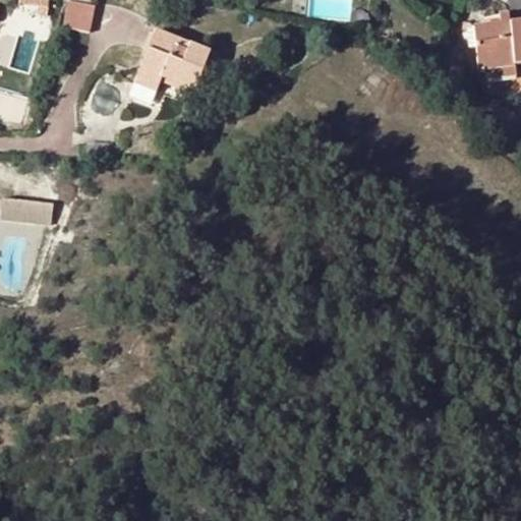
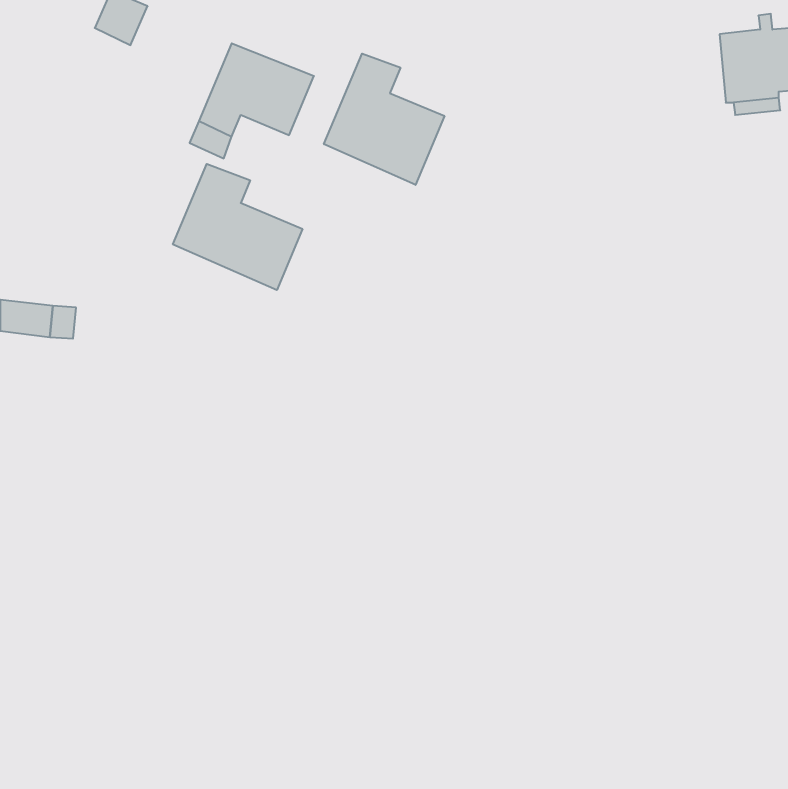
building: none -> [324,54,444,185]
building: none -> [173,164,302,290]

